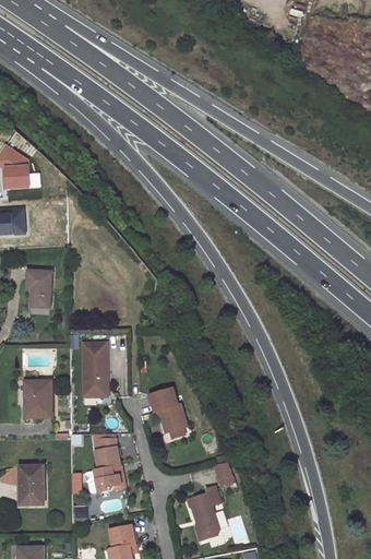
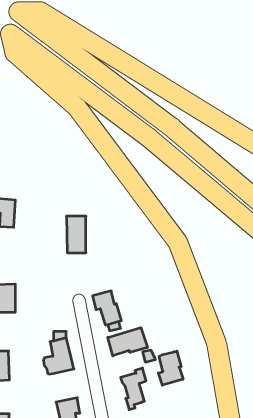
building: [83,345,108,392] -> [66,216,86,253]
building: none -> [108,328,147,356]
building: none -> [158,351,183,385]

